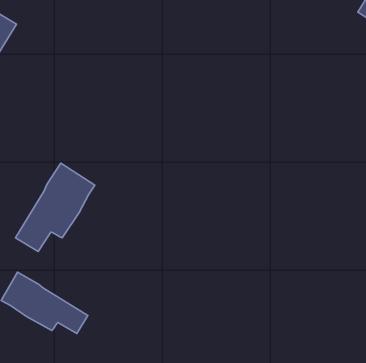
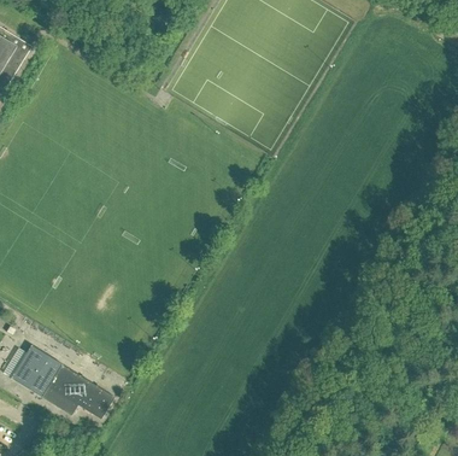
building: [15,163,95,252] -> none

